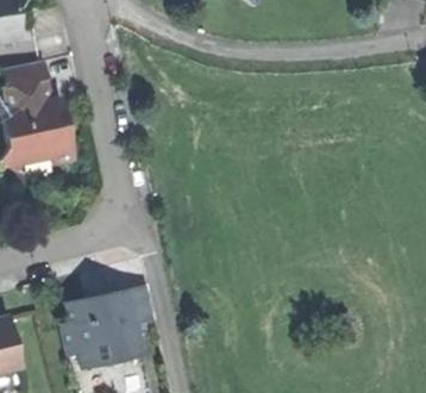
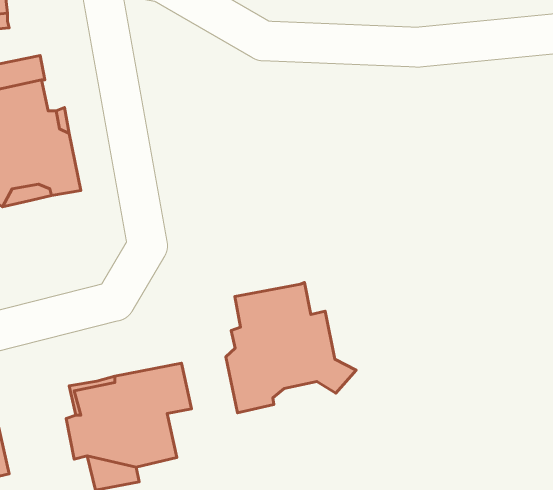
building: none -> [226,283,356,413]

